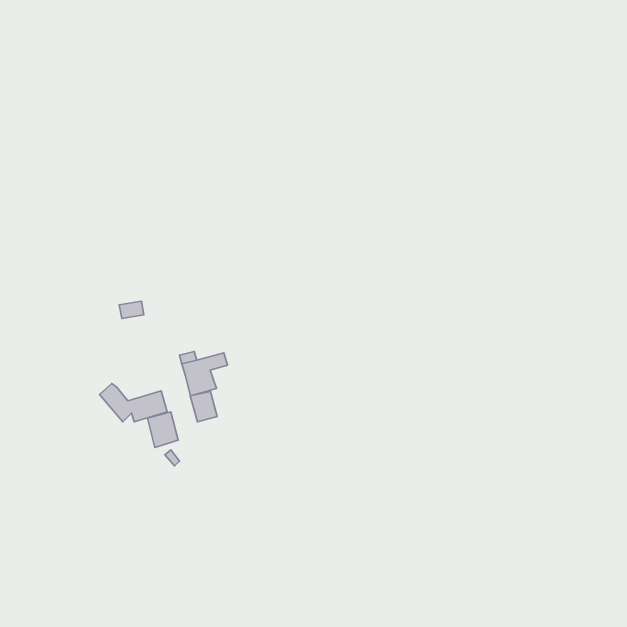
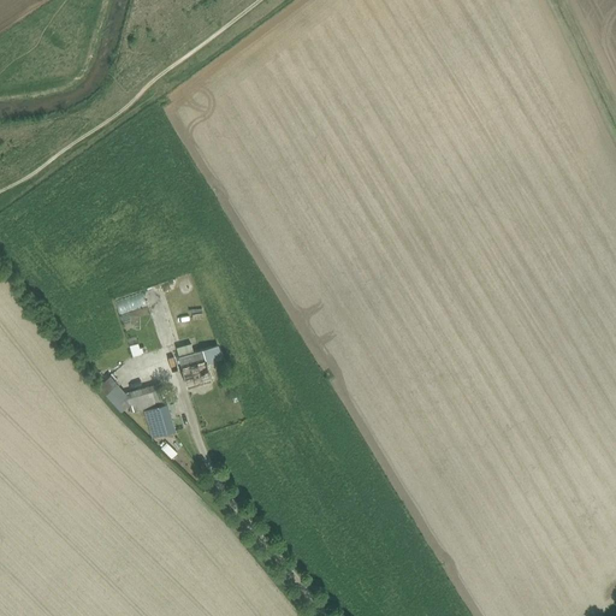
building: [190,392,217,422] -> none

